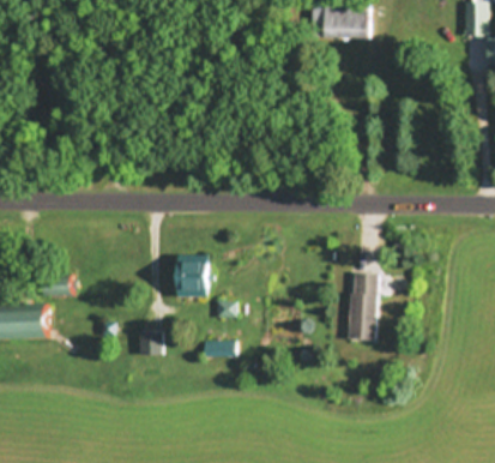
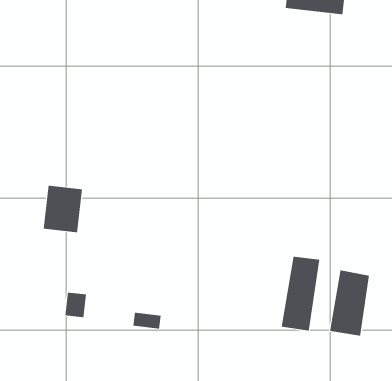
building: [175,255,209,297] -> [43,185,83,233]
building: none -> [330,269,369,336]

